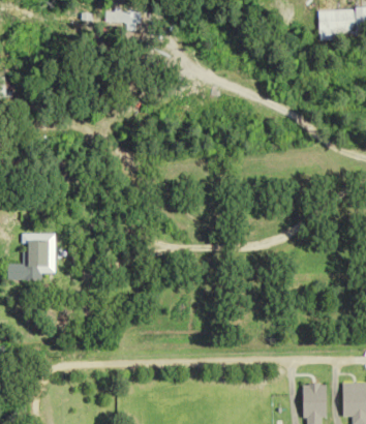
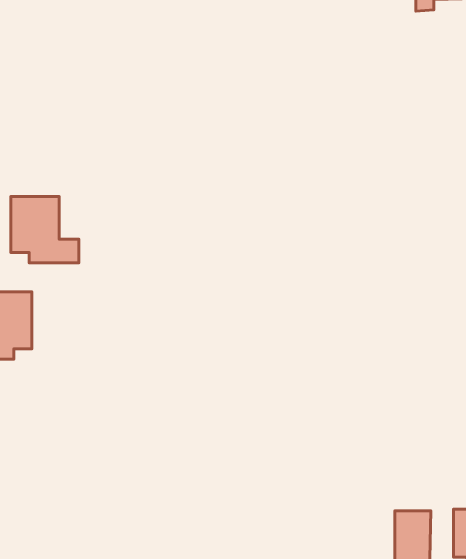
building: none -> [11,197,79,263]

